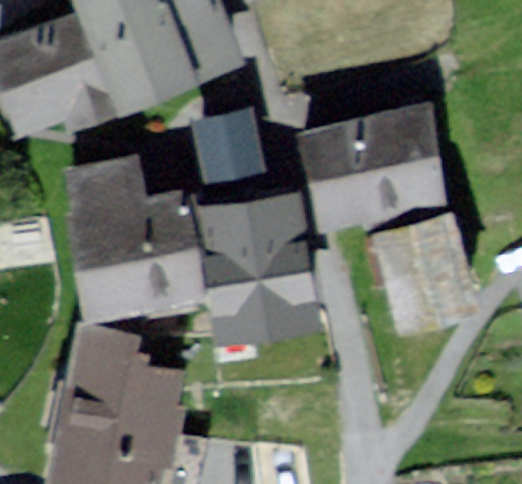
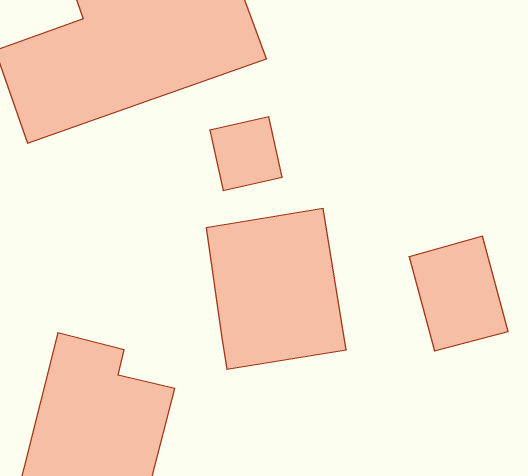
building: [315,114,453,227] -> none
building: [54,145,194,306] -> none

